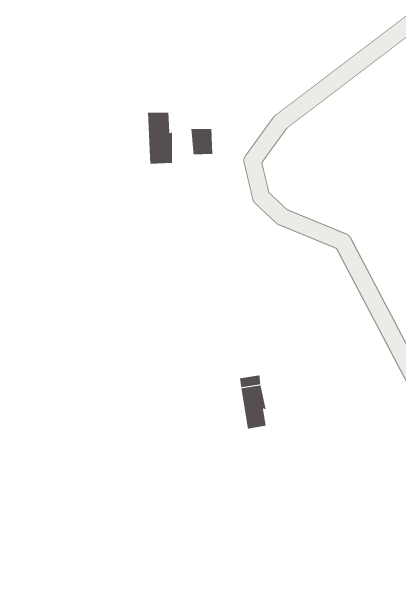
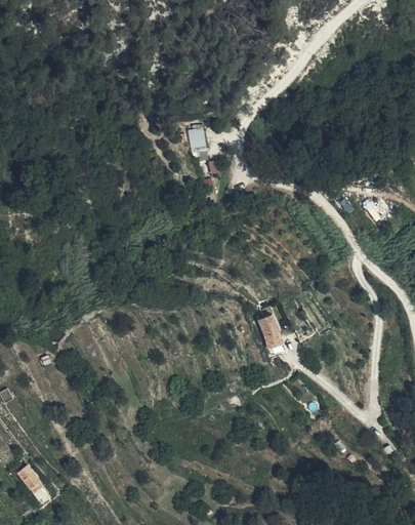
building: [147,112,173,164] -> none

